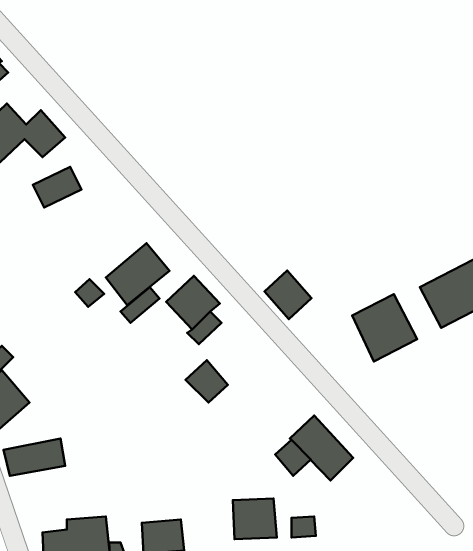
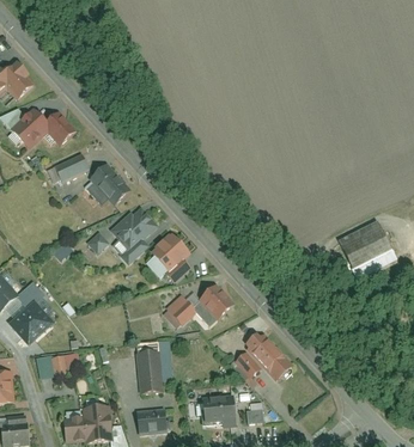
building: none -> [89,163,129,204]
building: [264,271,312,319] -> [201,283,236,319]
building: [352,294,417,362] -> none
building: none -> [134,351,159,394]

